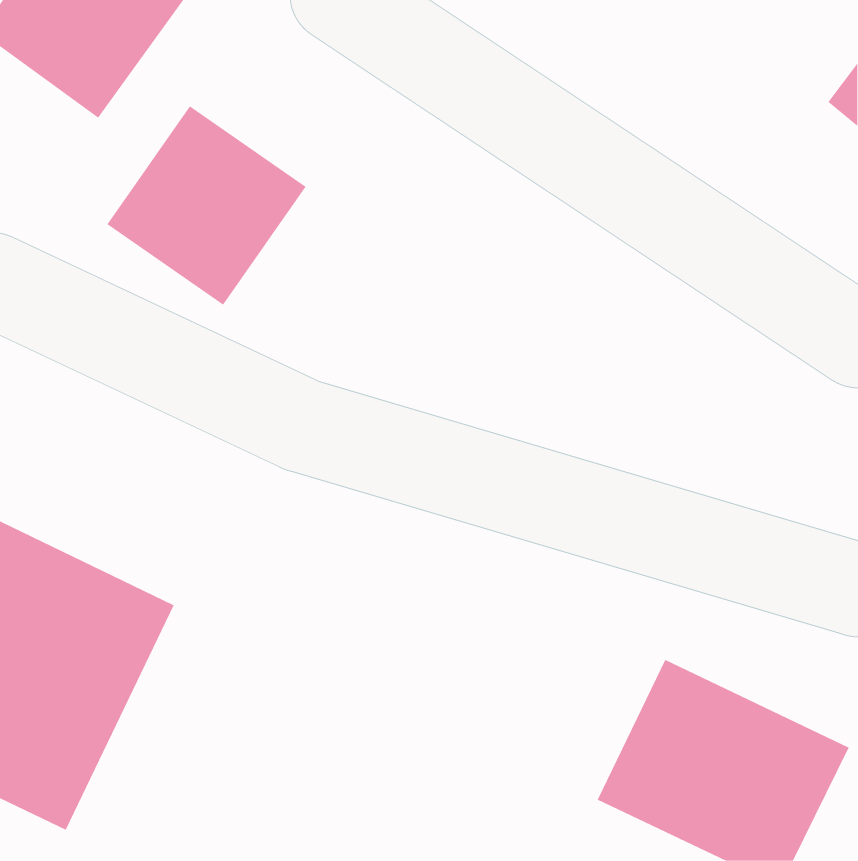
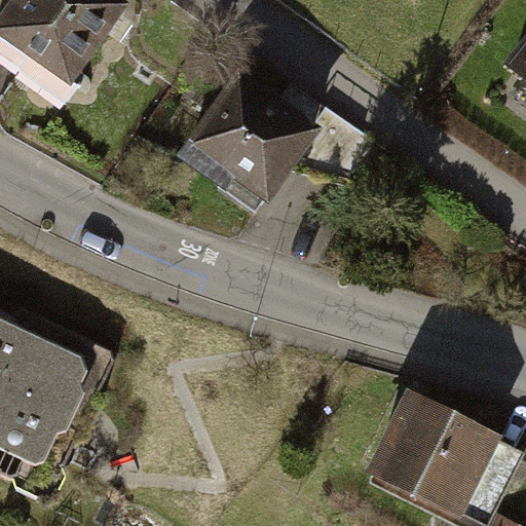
building: [106,105,307,305] -> [184,76,305,197]

